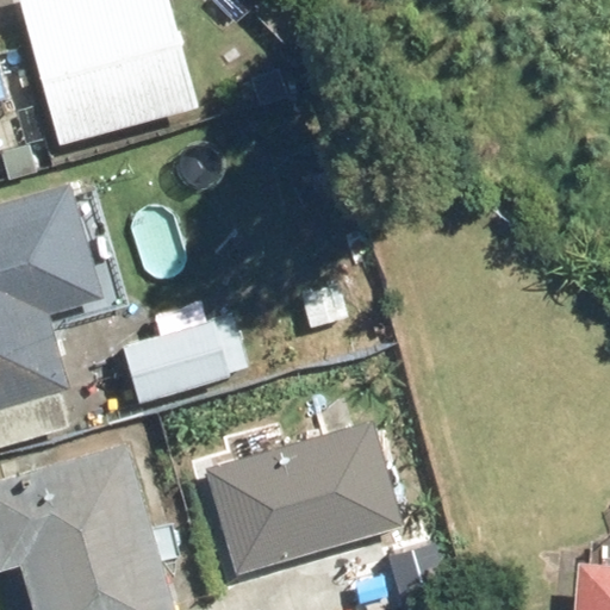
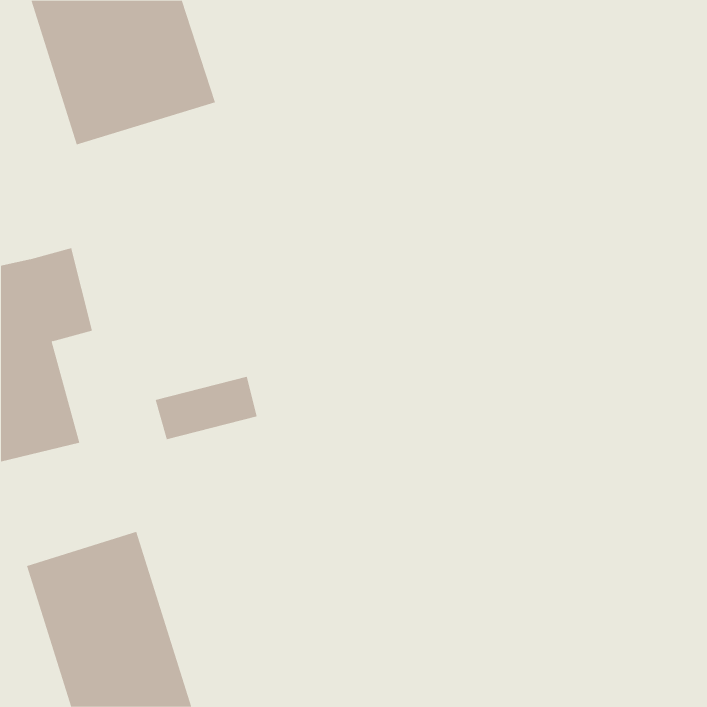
building: [242,431,394,554] -> none

